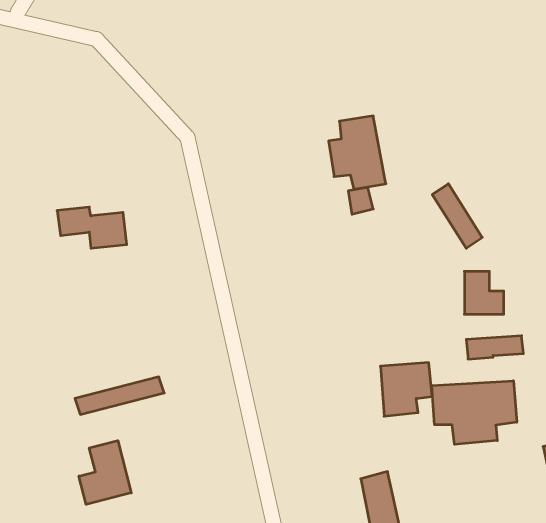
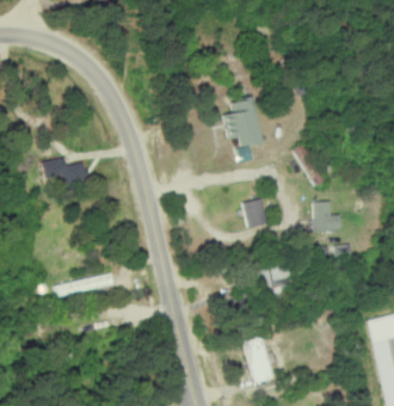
building: none -> [242,197,269,228]
building: [432,381,517,444] -> none
building: [79,441,131,504] -> none

